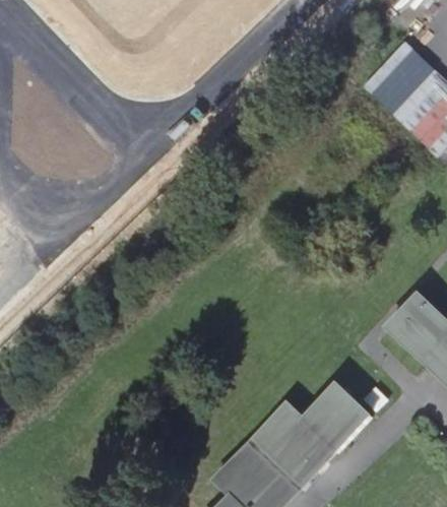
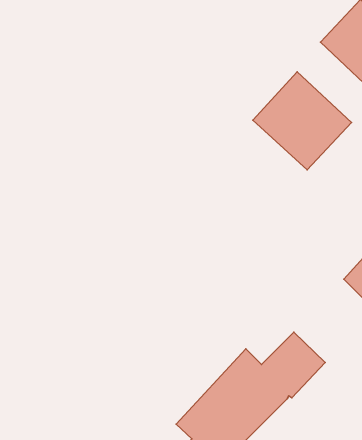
building: none -> [253,72,351,170]

